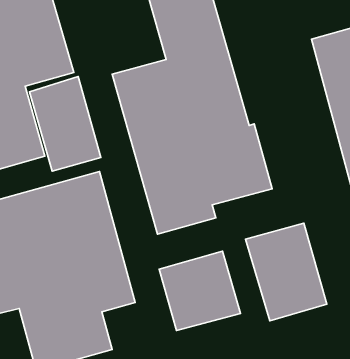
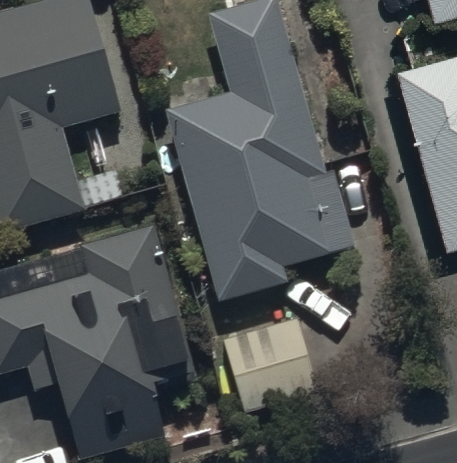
building: [29,77,101,171] -> none
building: [246,223,327,321] -> none

